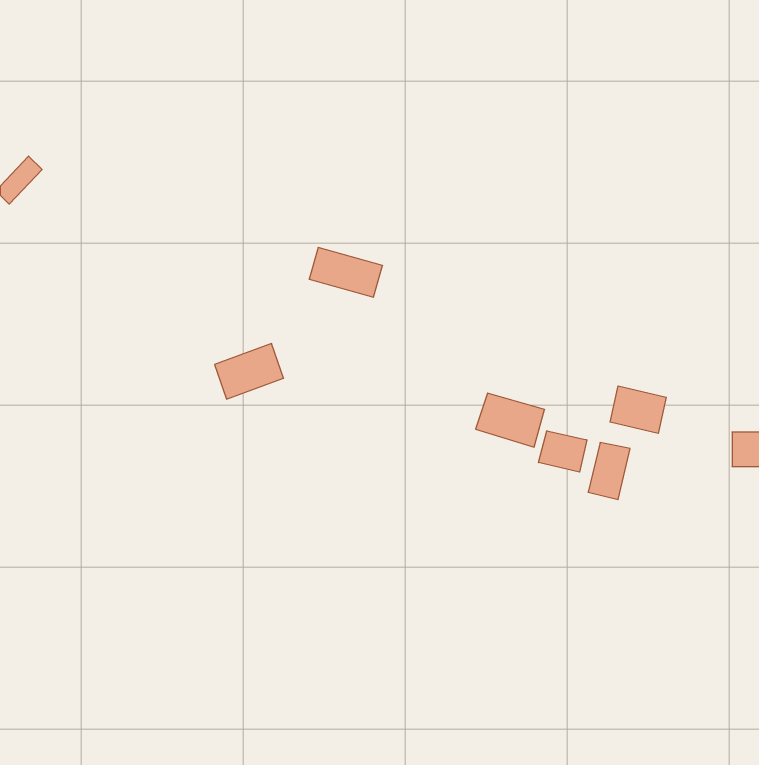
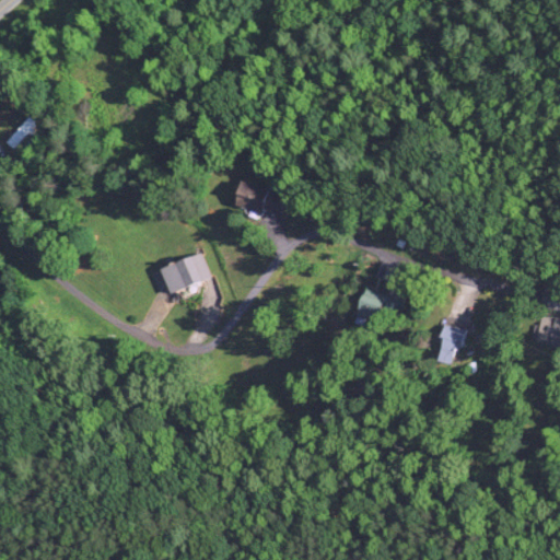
building: [610,386,666,433] -> none
building: [539,431,587,472] -> none

